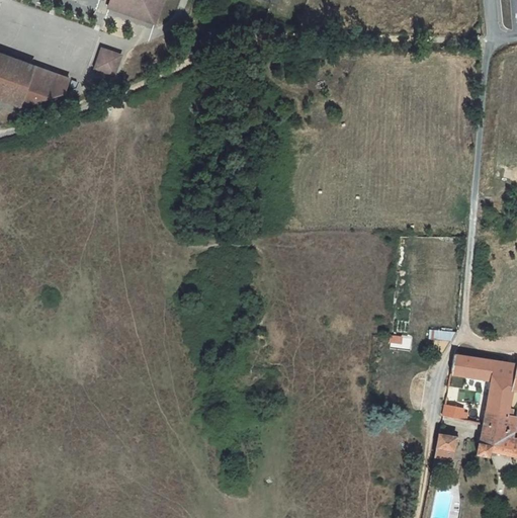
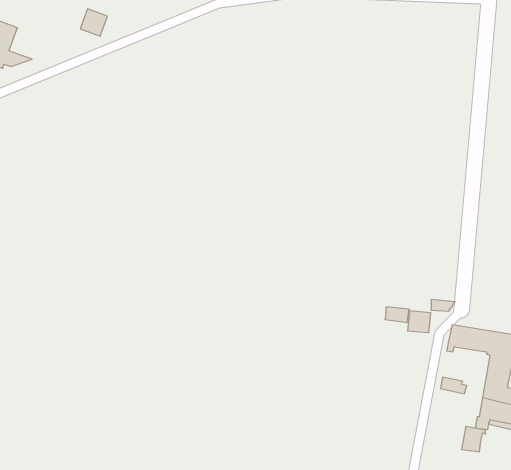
building: [26,67,69,97] -> none
building: none -> [408,311,430,333]
building: [435,434,458,458] -> [462,427,486,452]

